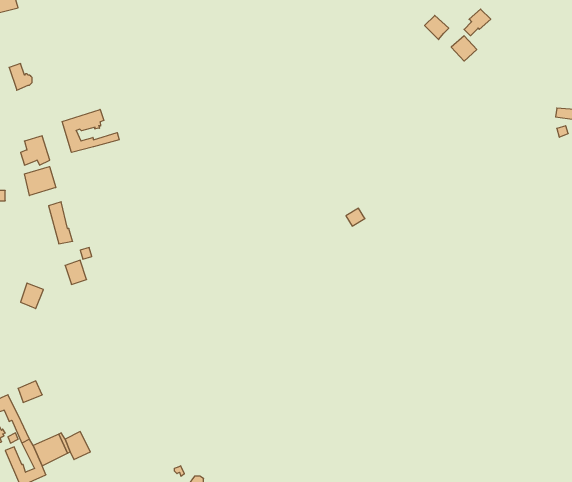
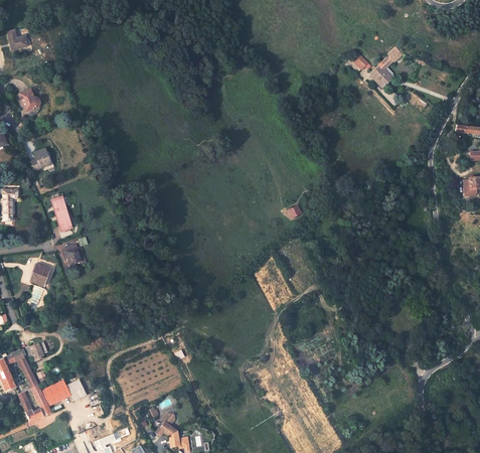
building: [62,109,119,152] -> none
building: [24,167,56,196] -> none

